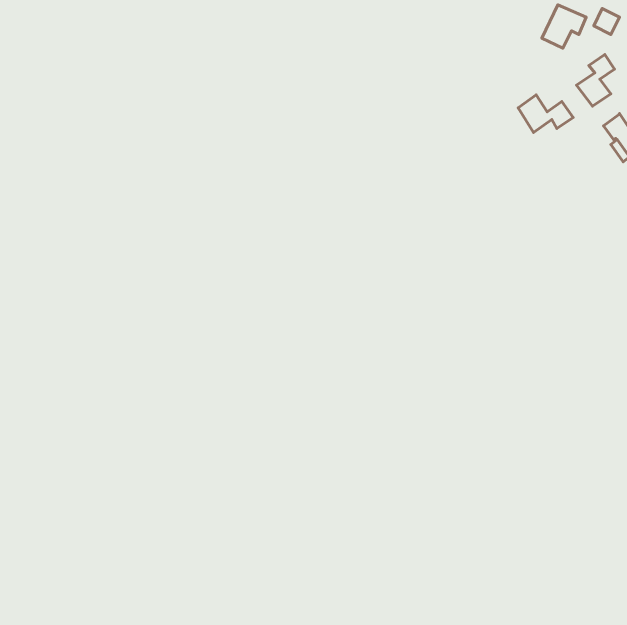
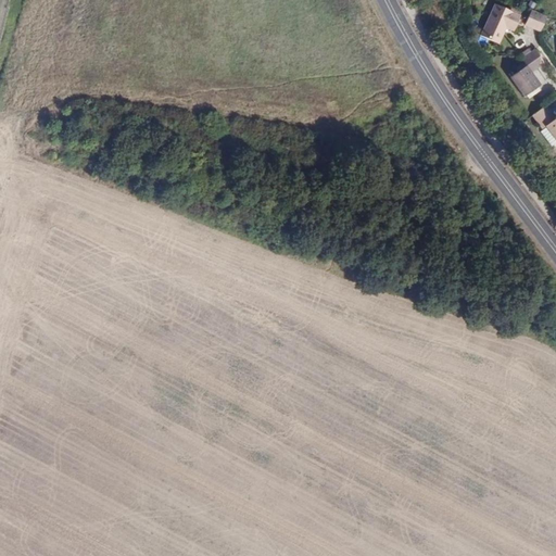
building: [518,95,573,133] -> none

